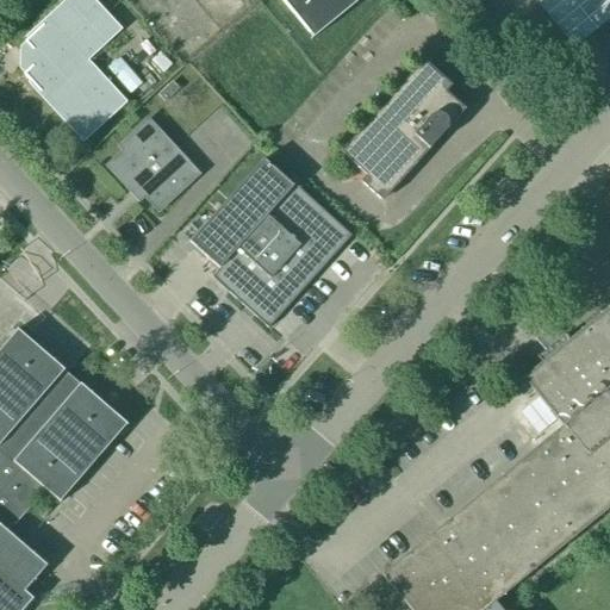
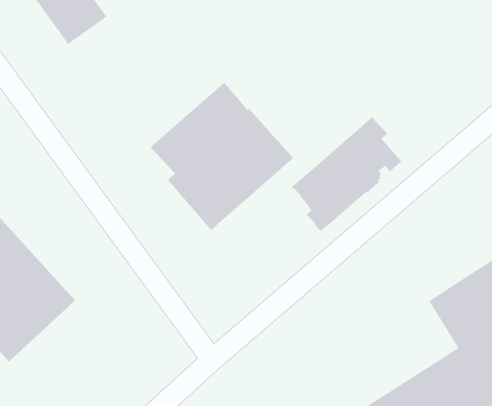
building: [343,60,465,197] -> [291,116,403,232]
building: [108,118,199,207] -> none

